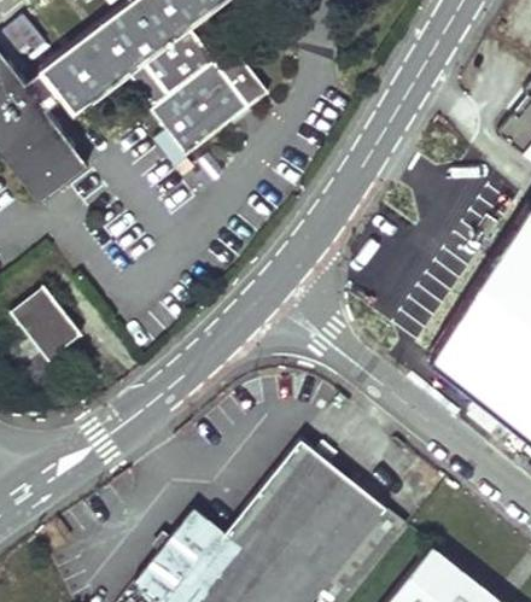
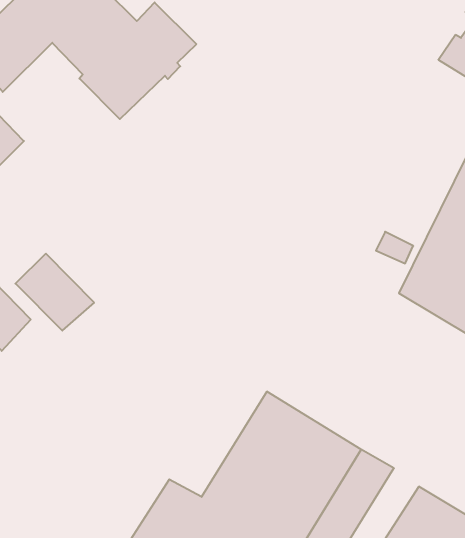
building: none -> [15,254,94,331]

